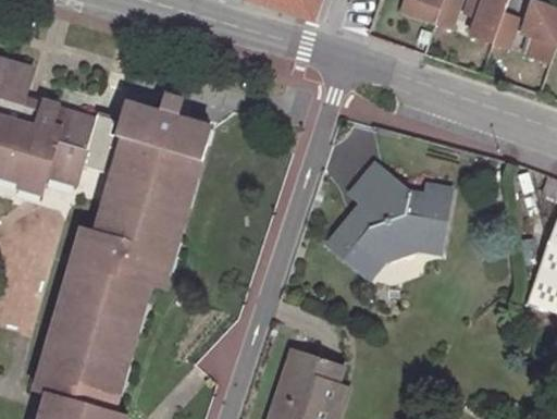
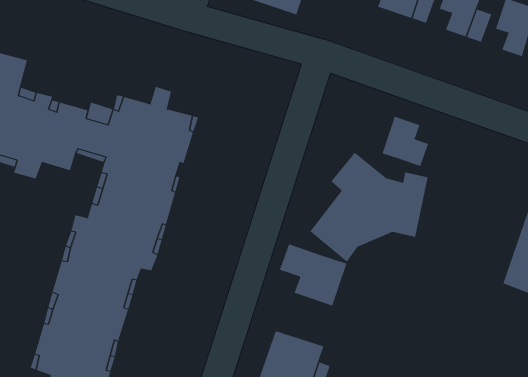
building: none -> [382,116,429,167]
building: none -> [279,244,347,307]

